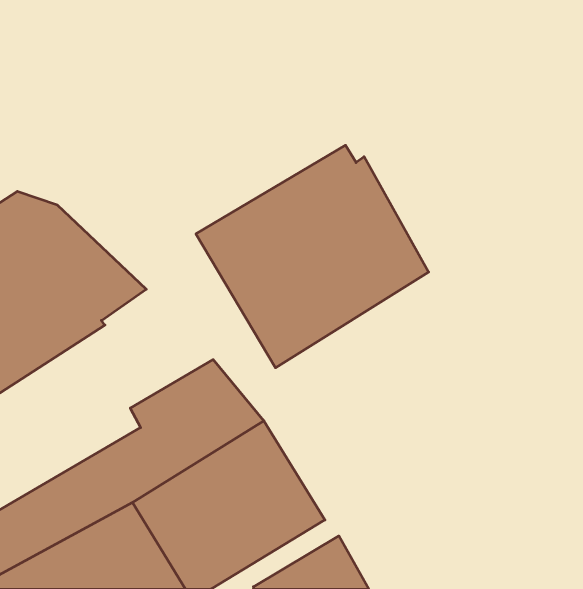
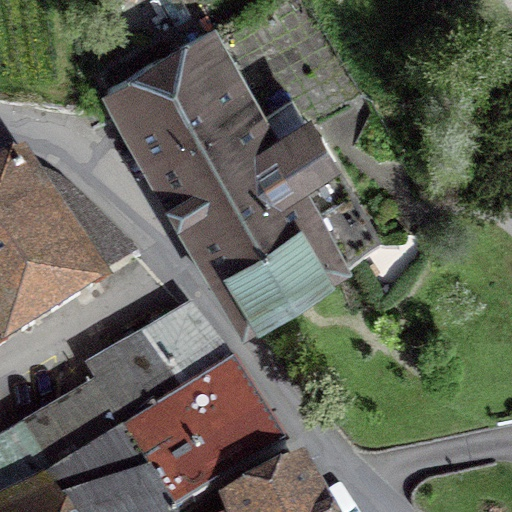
building: none -> [102,27,300,203]

